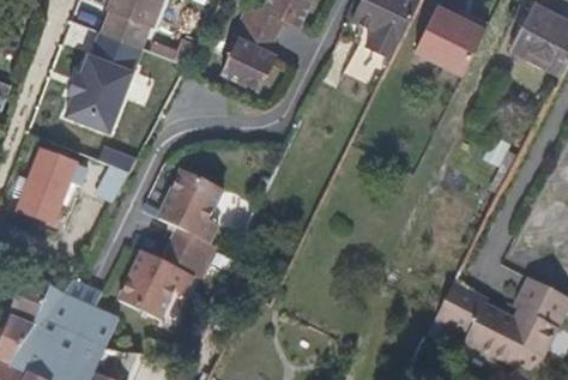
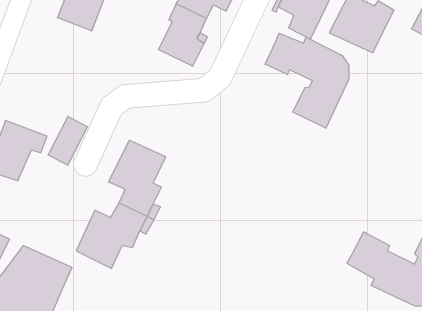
building: [66,34,139,129] -> none
building: none -> [265,33,349,128]

